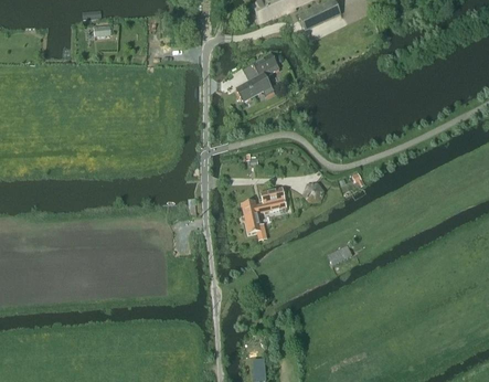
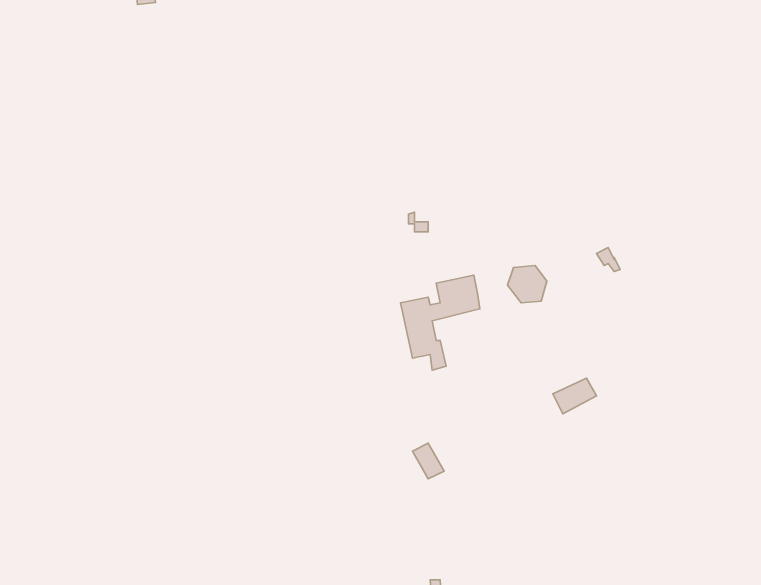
building: [234,52,278,100] -> none

